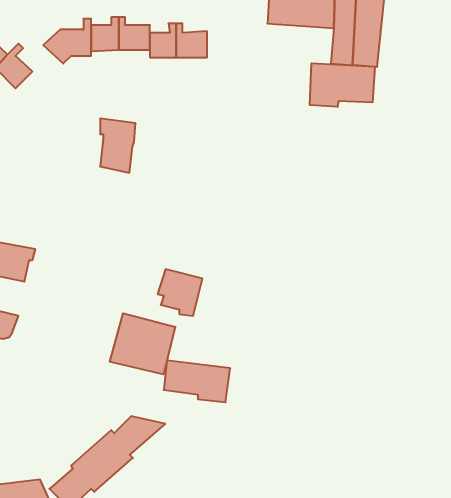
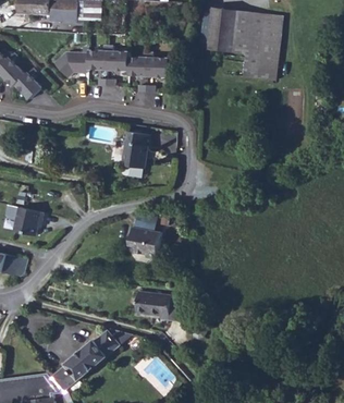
building: [310,63,375,107] -> none
building: [100,119,136,173] -> [125,130,150,168]
building: [110,313,175,374] -> none

